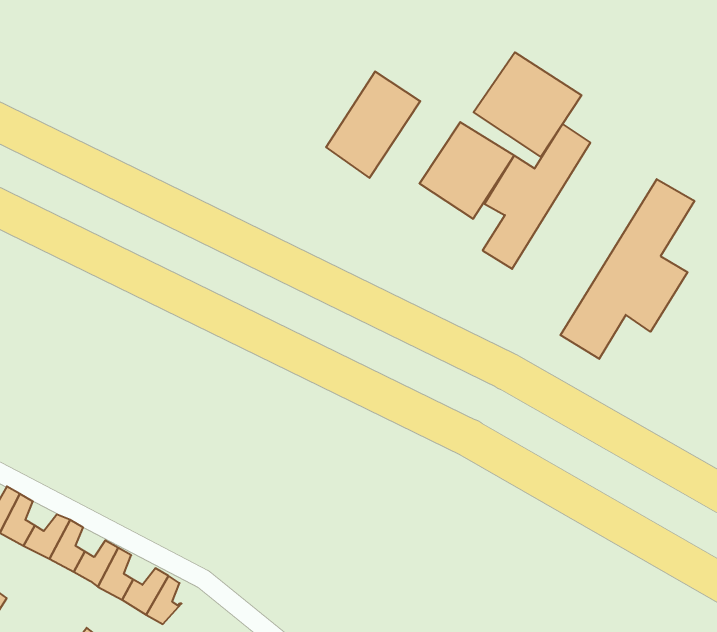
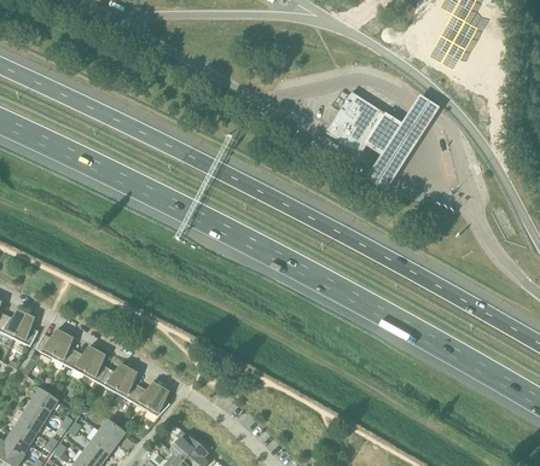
building: [474,52,581,157] -> none
building: [326,71,420,178] -> none
building: [560,179,694,359] -> none

